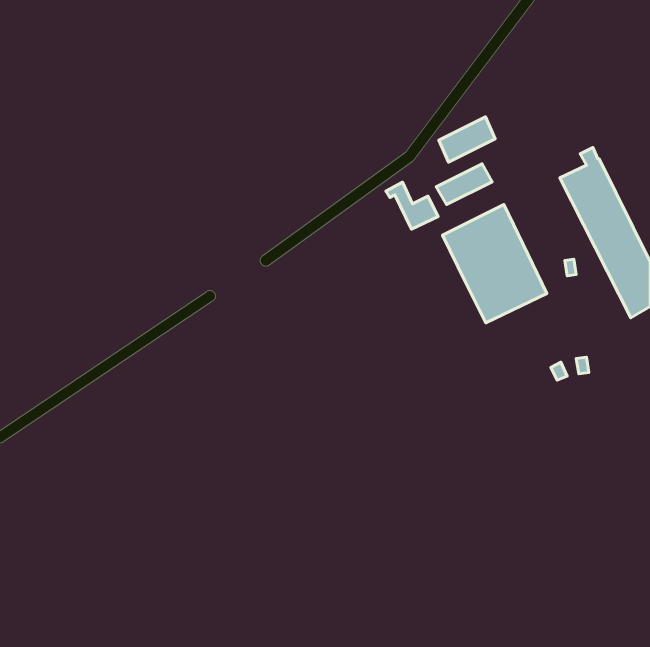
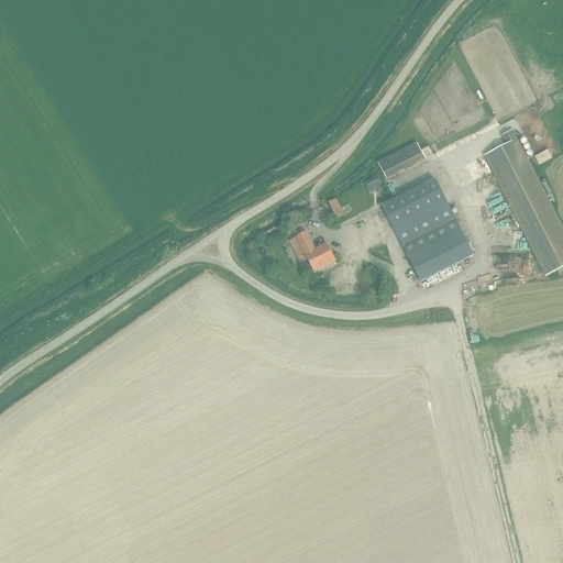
building: [439,117,495,162] -> none
building: [386,182,438,229] -> [291,230,336,271]

